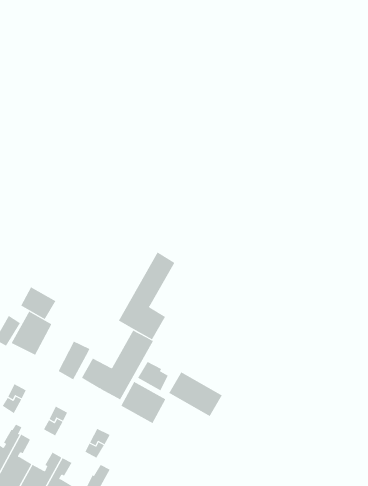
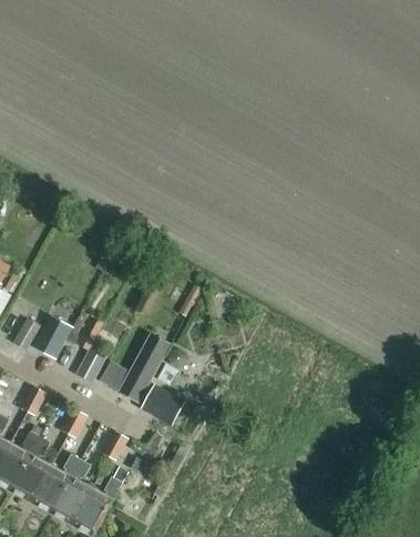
building: [118,252,175,340] -> none
building: [20,287,56,320] -> none
building: [169,372,222,417] -> none

